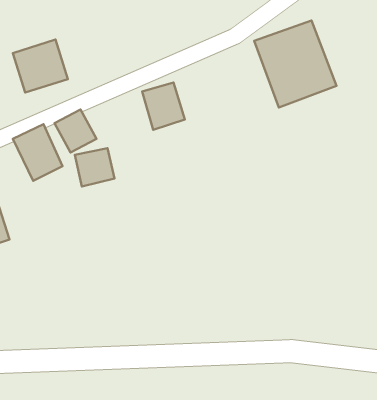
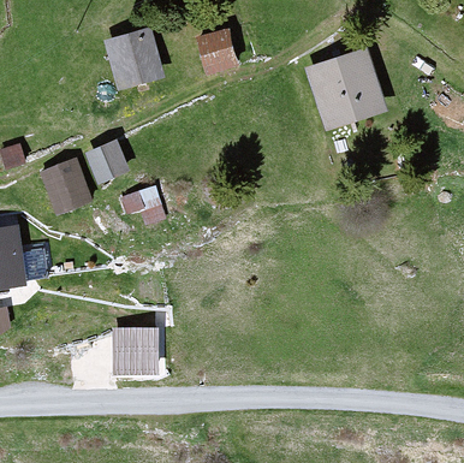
building: [13,40,68,93] -> [102,28,161,84]
building: [142,82,185,130] -> [192,28,238,78]
building: none -> [112,326,153,372]

